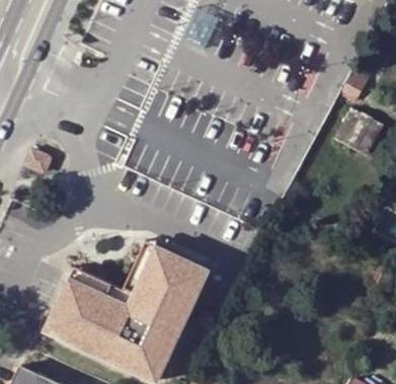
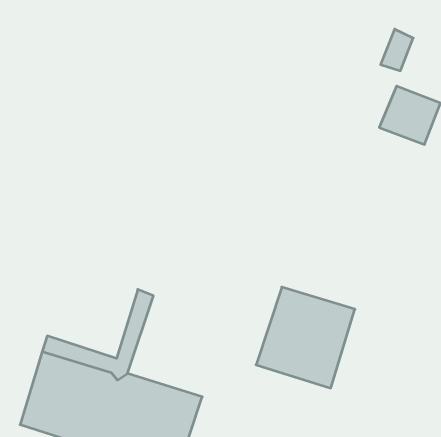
building: [129,245,207,324] -> [256,287,355,388]

